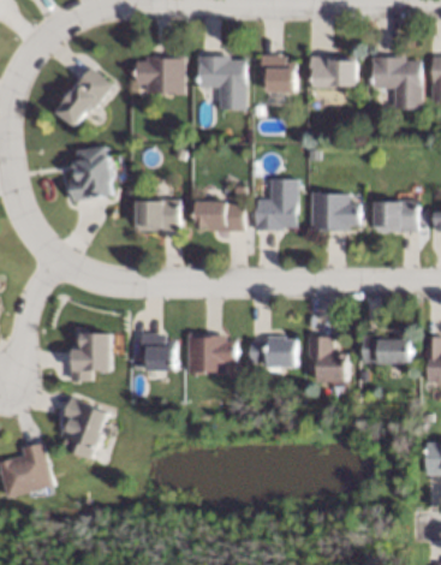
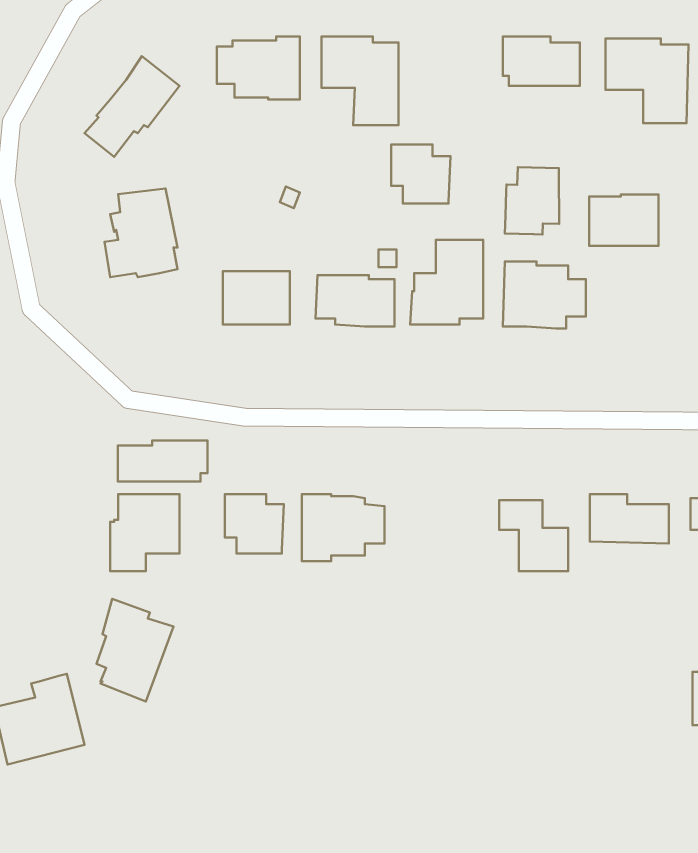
building: [260,54,296,90] -> [391,144,450,204]
building: none -> [505,167,559,235]
building: [375,200,417,231] -> [589,194,658,246]
building: none -> [118,441,207,481]
building: [249,335,297,367] -> none

